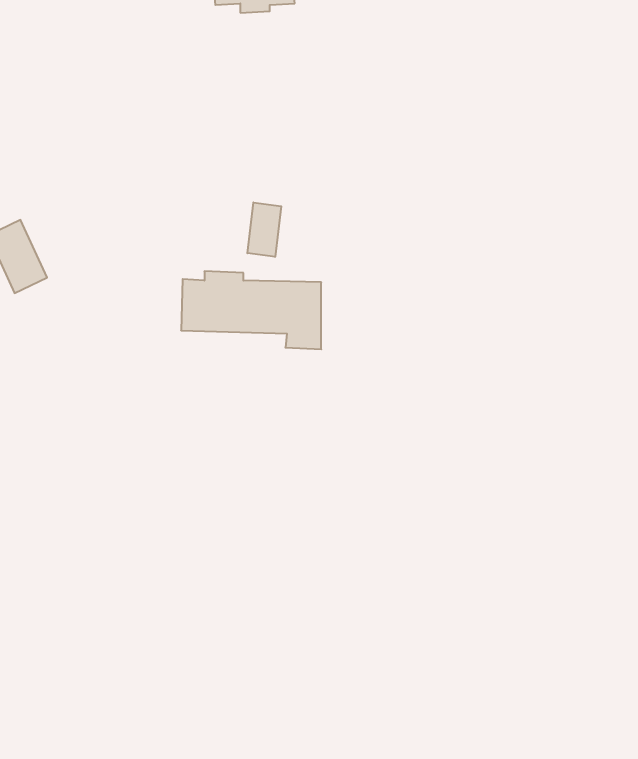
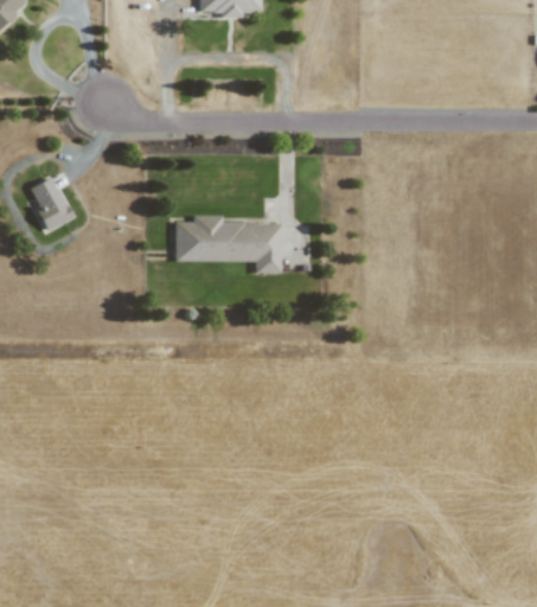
building: [247,202,281,257] -> none

